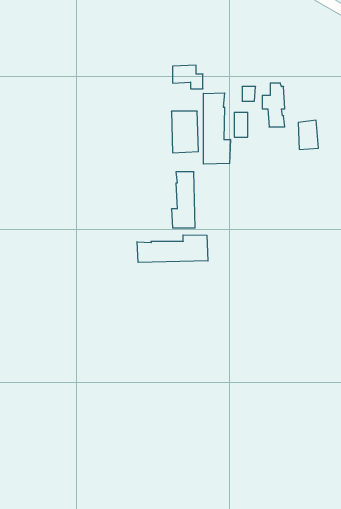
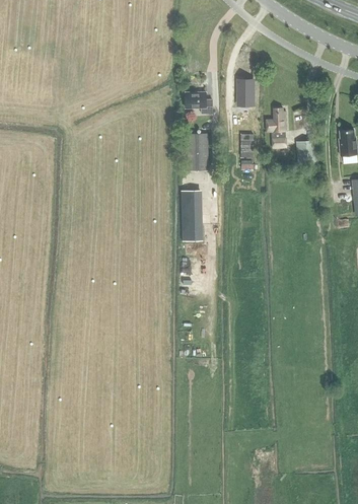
building: none -> [236,79,252,104]
building: [203,93,230,164] -> none
building: [137,235,208,262] -> none

